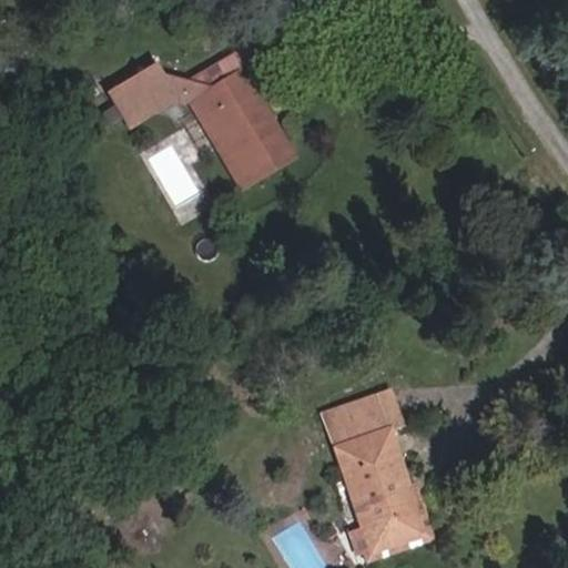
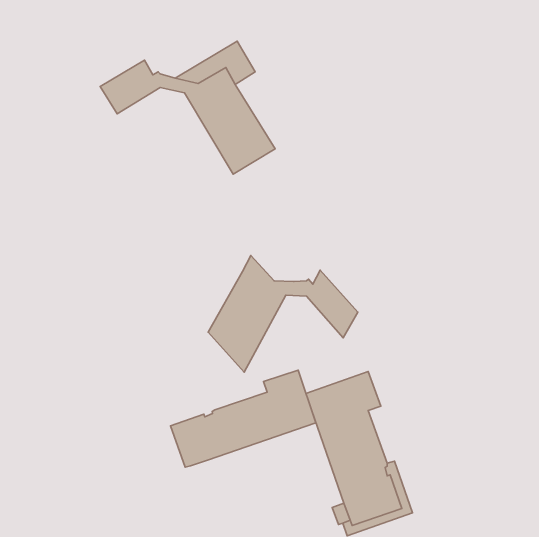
building: none -> [208,255,358,372]
building: none -> [170,370,316,467]

